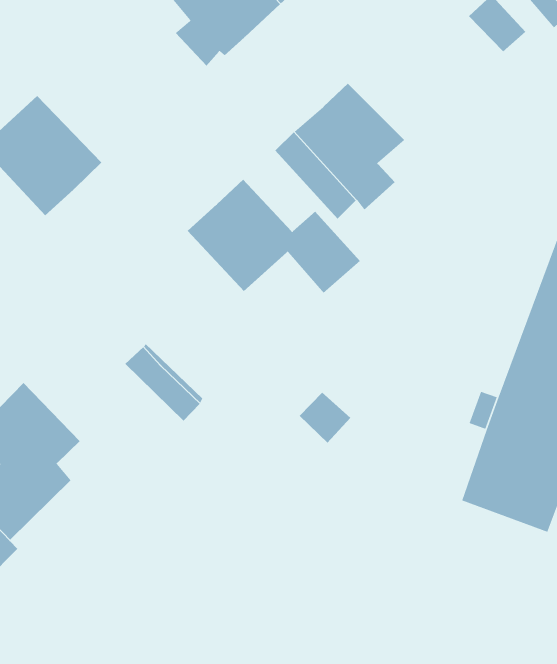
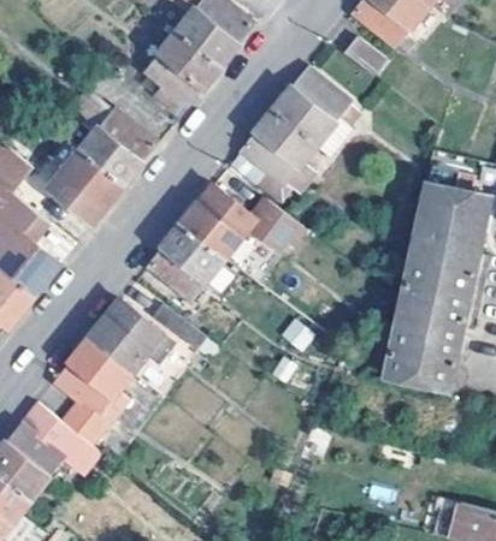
building: none -> [274,70,361,143]
building: none -> [70,106,155,186]
building: none -> [149,224,225,298]
building: none -> [88,299,176,373]

